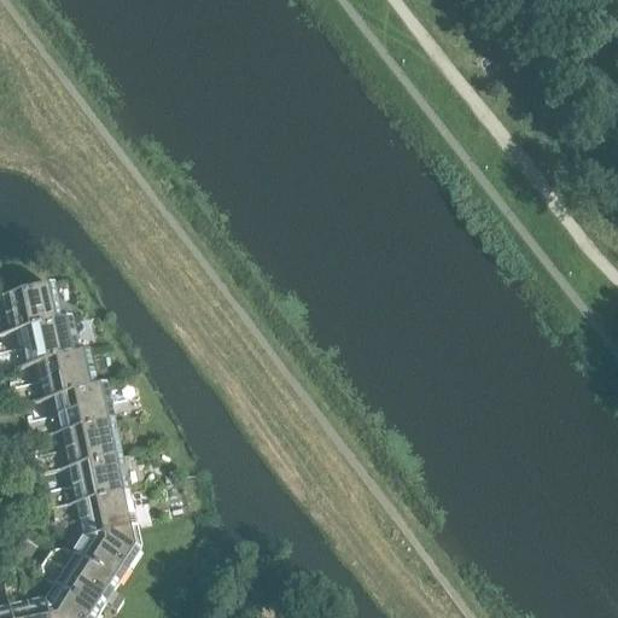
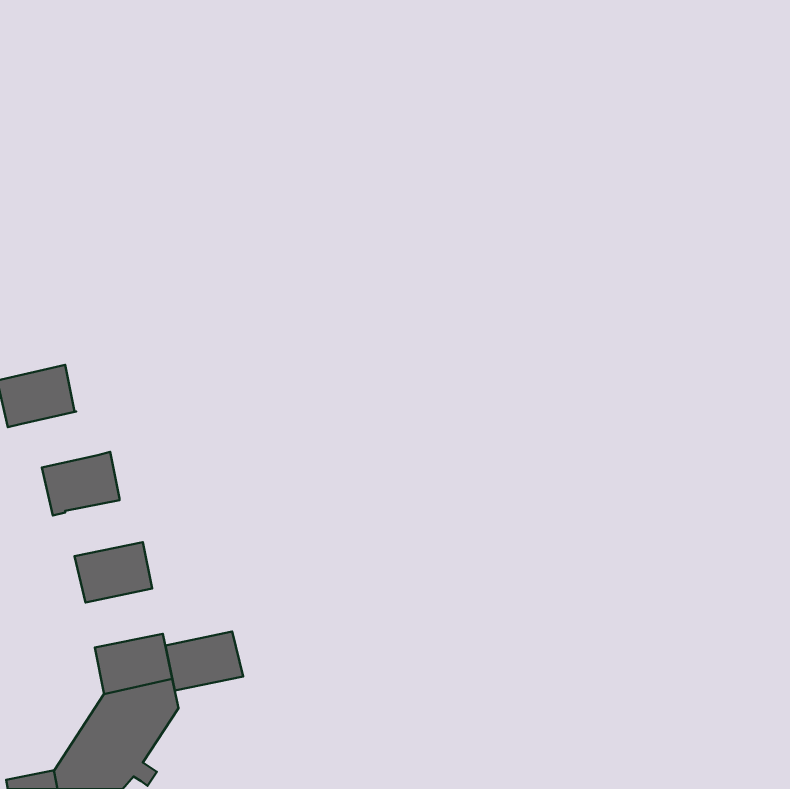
building: [16,317,76,366] -> none
building: [51,385,111,432] -> none
building: [66,457,127,503] -> [165,632,243,691]

